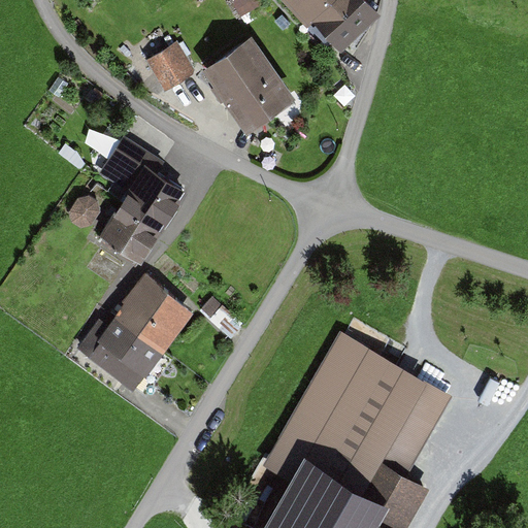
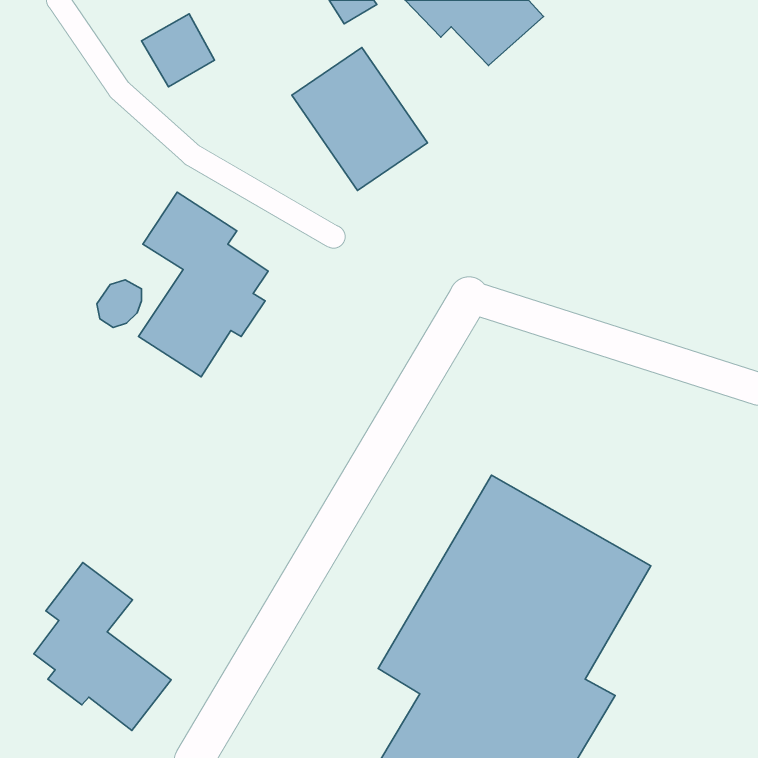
building: [143,42,194,93] -> [142,14,215,87]
building: [76,273,195,391] -> none
building: none -> [34,562,171,730]

